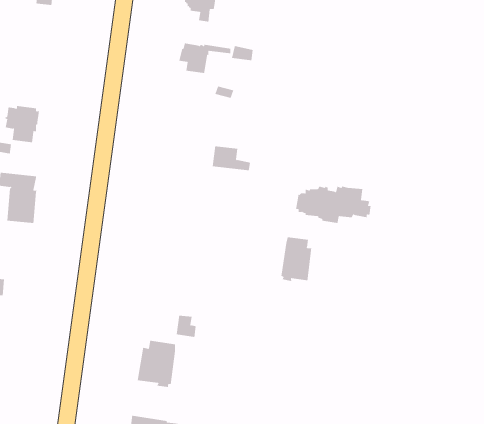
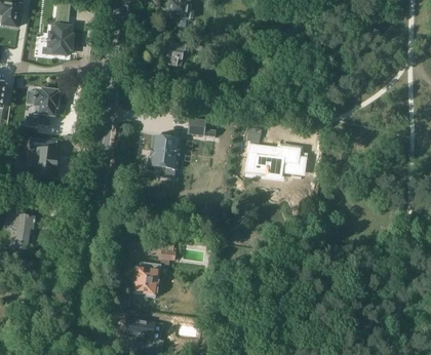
building: none -> [48,23,73,55]
building: none -> [149,135,181,176]
building: [281,236,312,282] -> none

